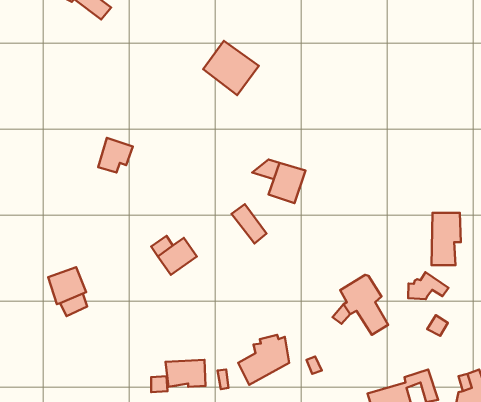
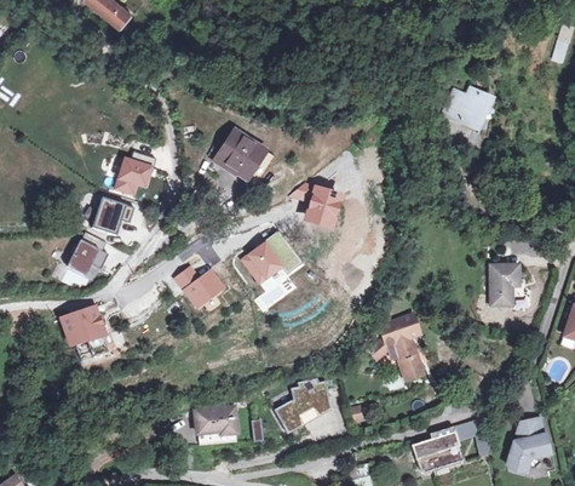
building: [203,41,259,95] -> [212,132,274,193]
building: none -> [441,84,495,131]
building: none -> [92,198,136,235]
building: none -> [67,242,108,280]
building: none -> [241,244,284,288]
building: [408,272,448,299] -> none

